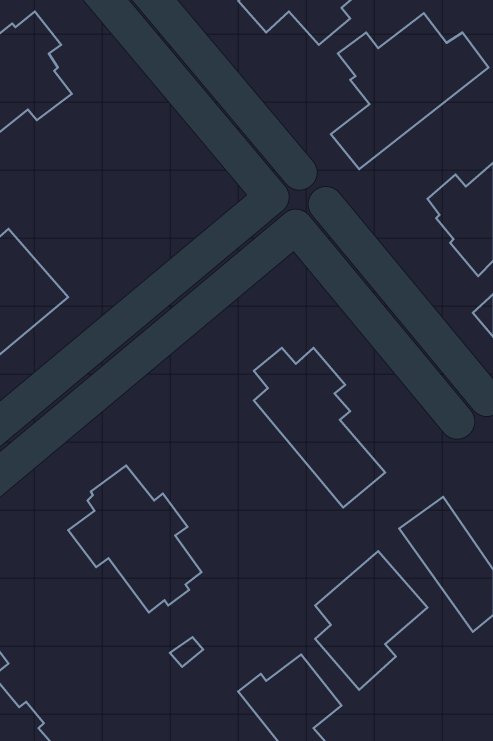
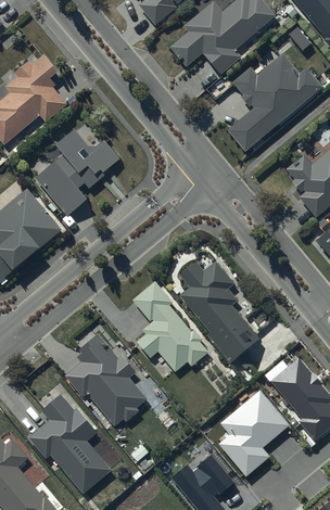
building: none -> [35,130,120,216]
building: none -> [131,281,208,370]
building: none -> [29,394,112,492]

